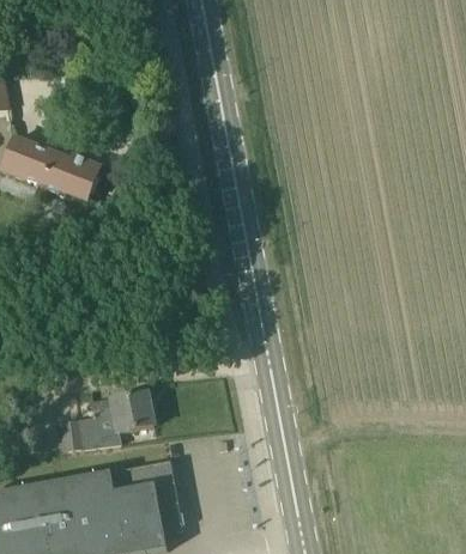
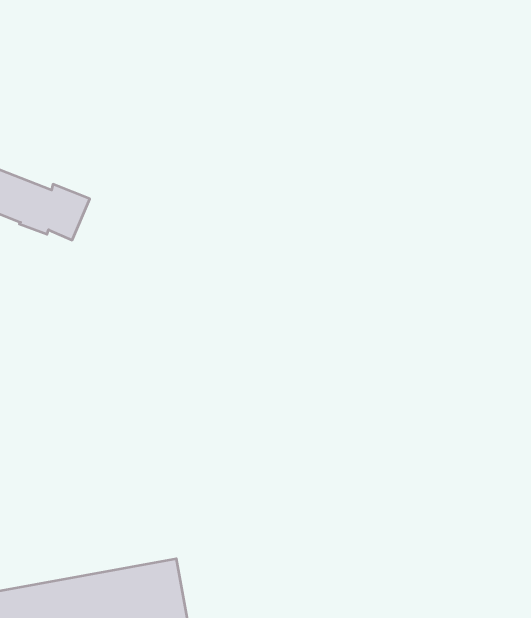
building: [58,389,155,449] -> none

